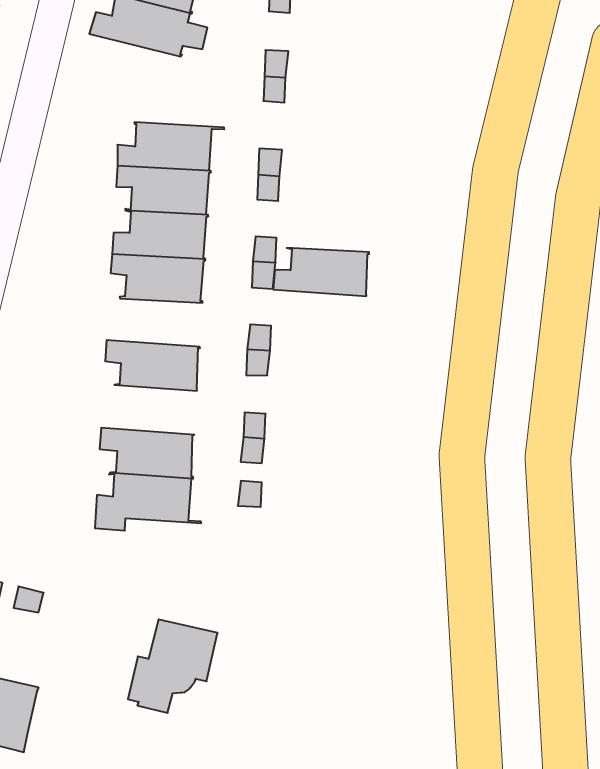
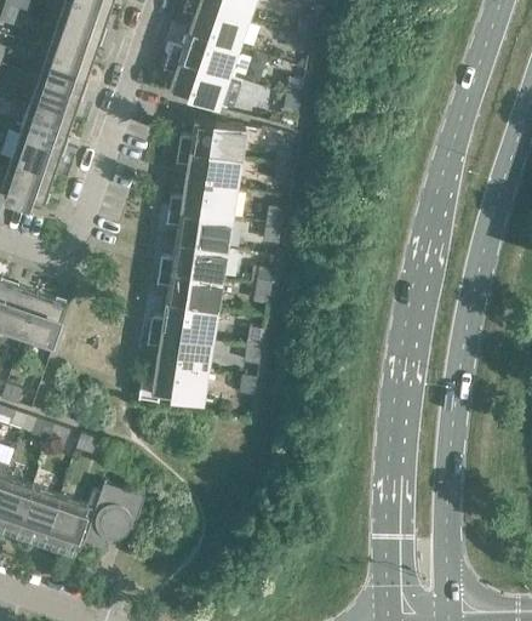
building: none -> [162,55,229,108]
building: [273,248,369,296] -> [159,240,228,279]
building: none -> [149,300,218,340]
building: [128,619,218,713] -> [78,483,144,548]

